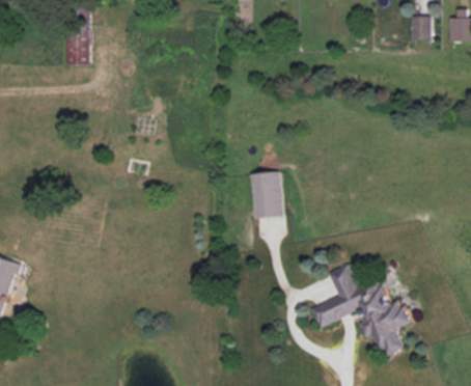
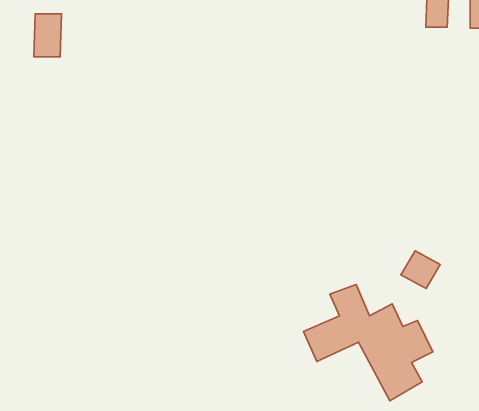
building: [252,173,286,221] -> none
building: none -> [401,251,440,289]

